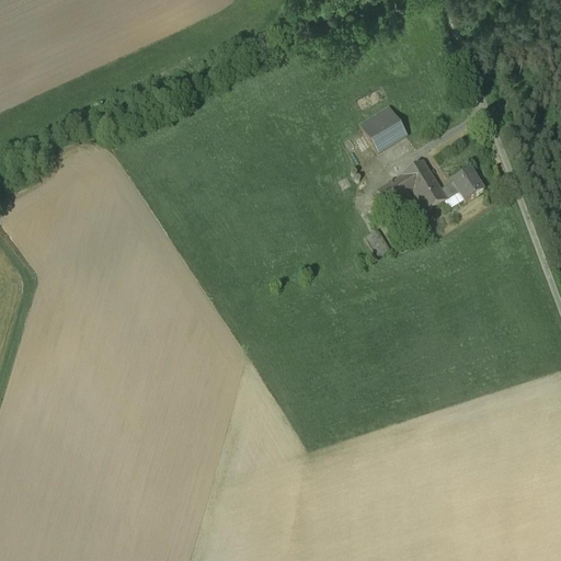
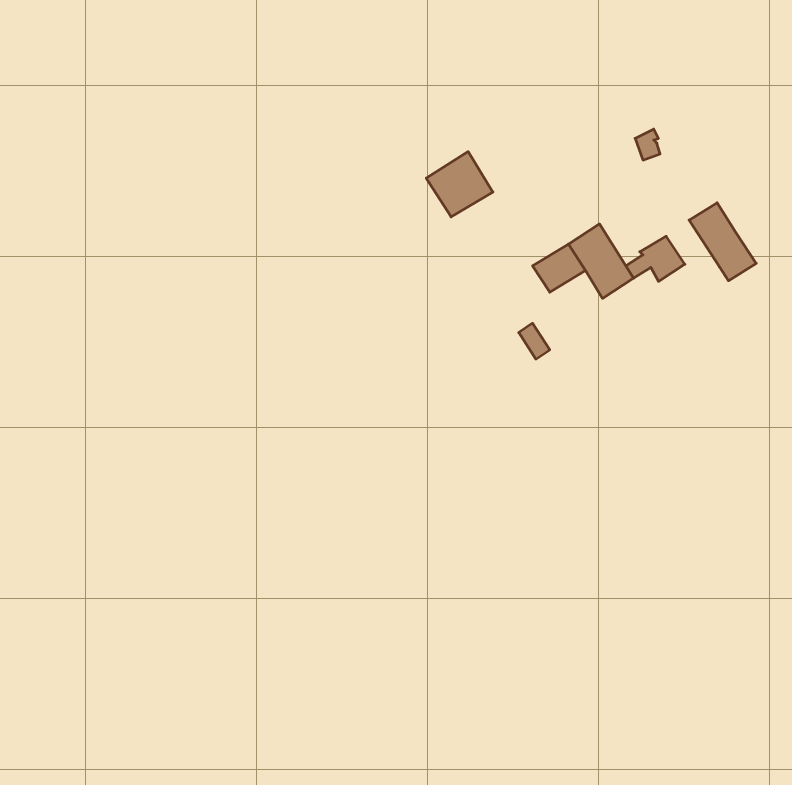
building: [360,104,408,150] -> [426,152,493,217]
building: none -> [689,203,756,281]

